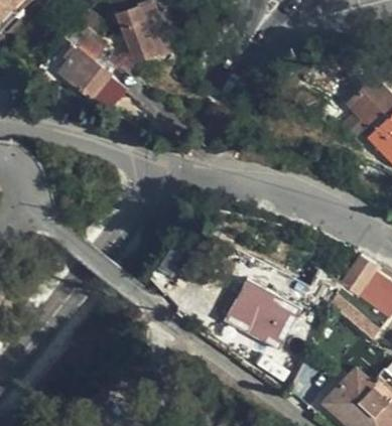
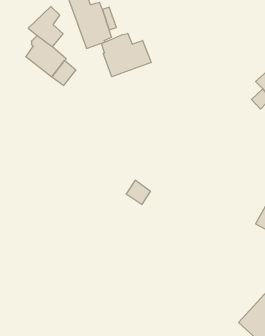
building: none -> [102,33,151,77]
building: [231,292,292,346] -> none

